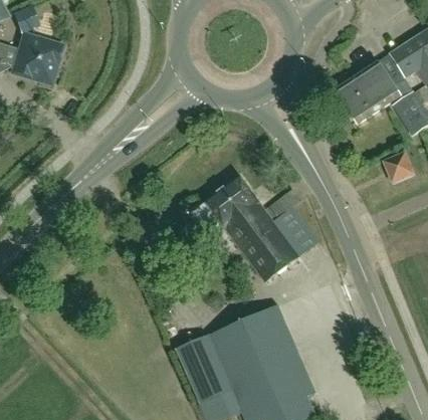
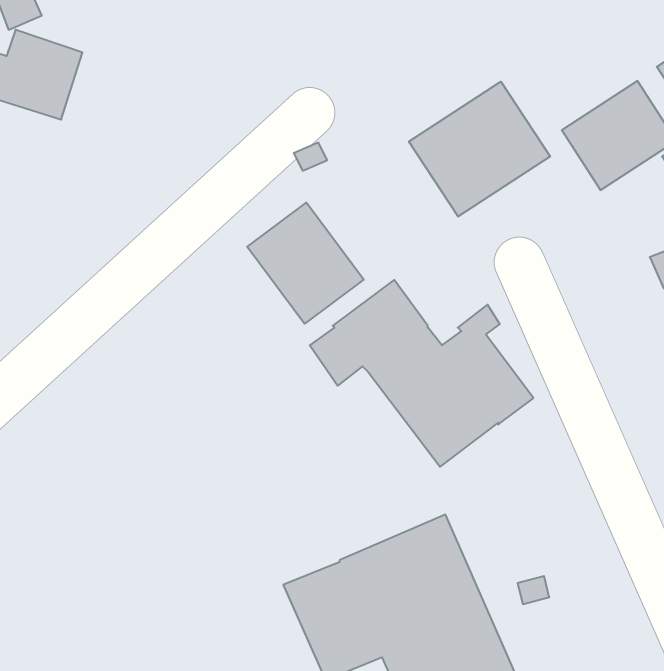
building: none -> [409,82,550,217]
building: none -> [247,202,364,324]

